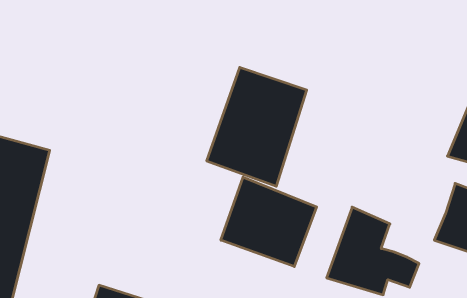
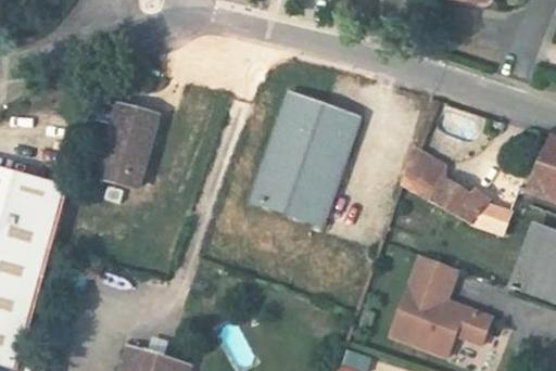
building: none -> [89,104,160,193]
building: none -> [415,148,523,234]
building: [221,177,317,267] -> none

